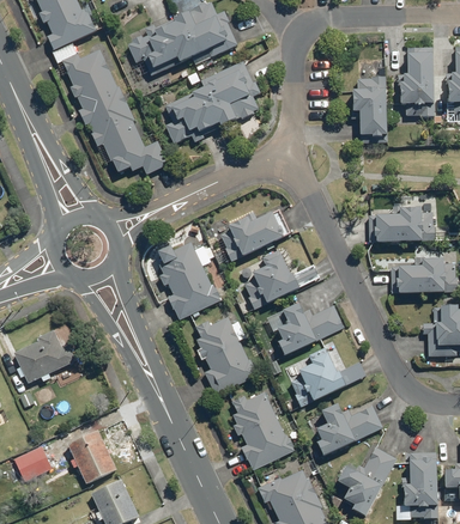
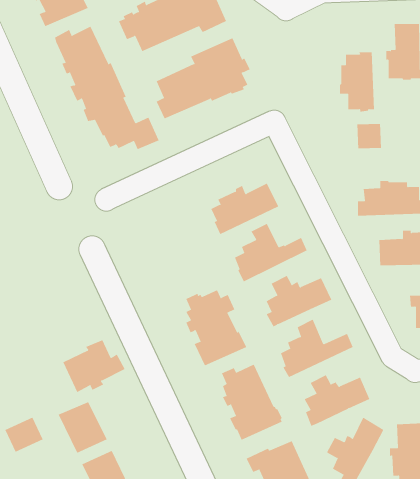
building: none -> [357,123,382,149]
building: [157,240,222,319] -> none
building: [13,329,77,383] -> [63,340,125,393]

